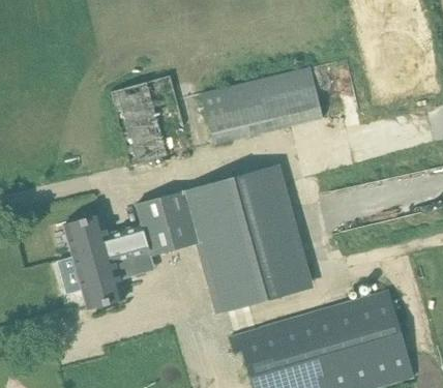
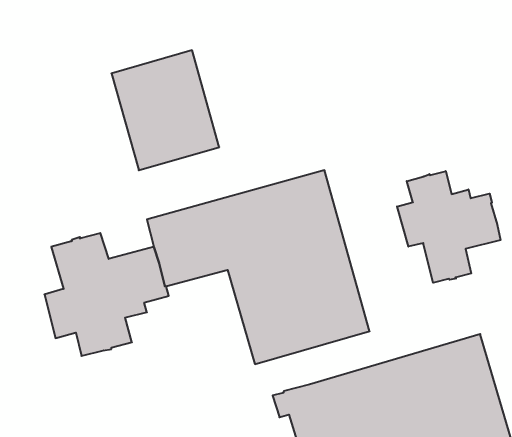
building: [200,67,323,141] -> none
building: none -> [397,171,501,283]

